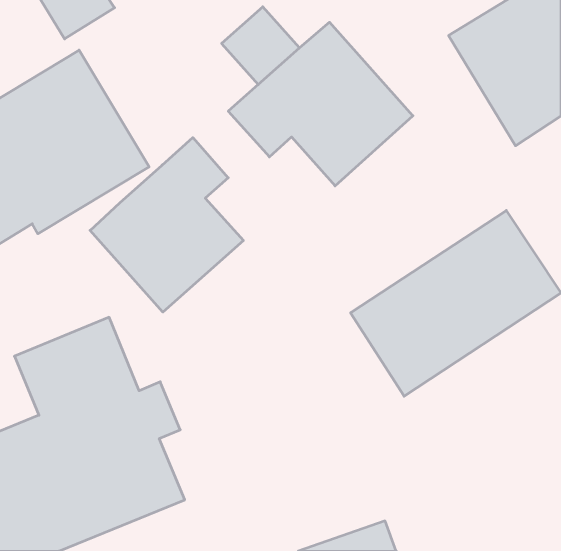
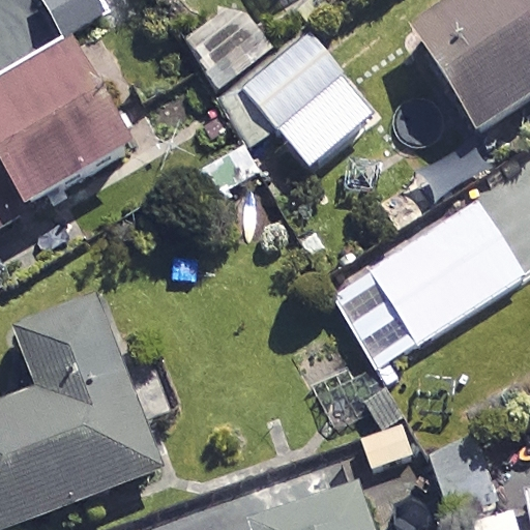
building: [90,138,243,312] -> none

